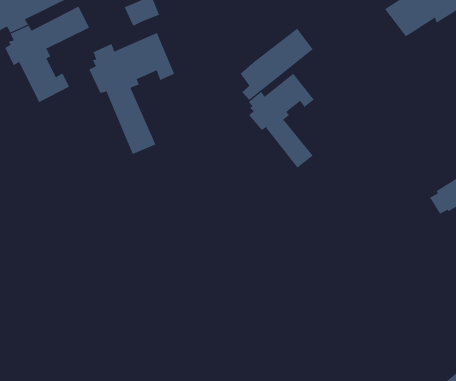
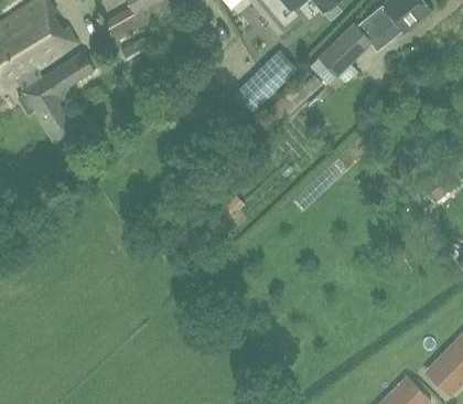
building: none -> [317,26,369,77]
building: [89,32,175,155] -> none
building: [248,73,314,169] -> none

